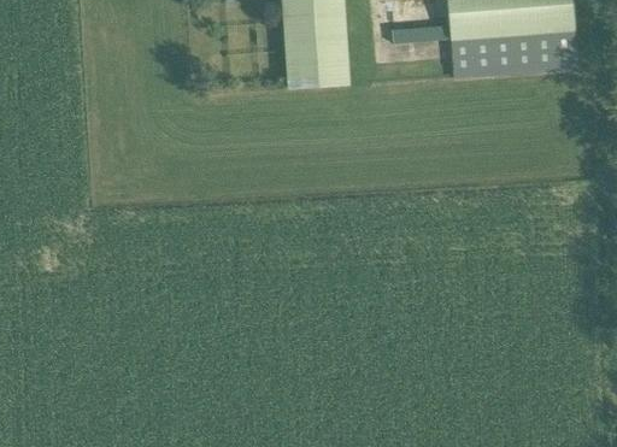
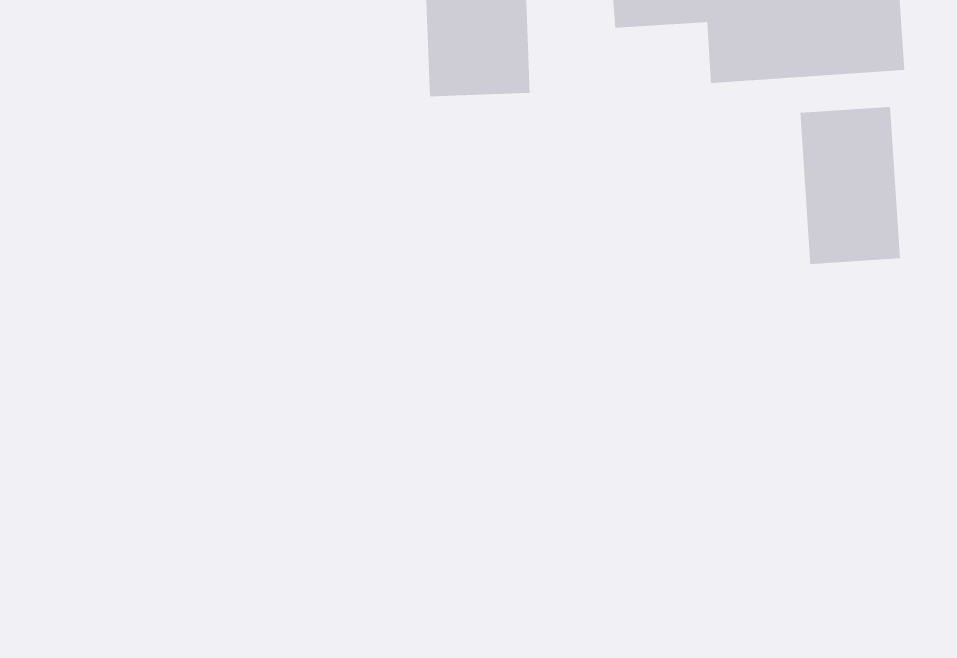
building: none -> [800,106,901,265]

